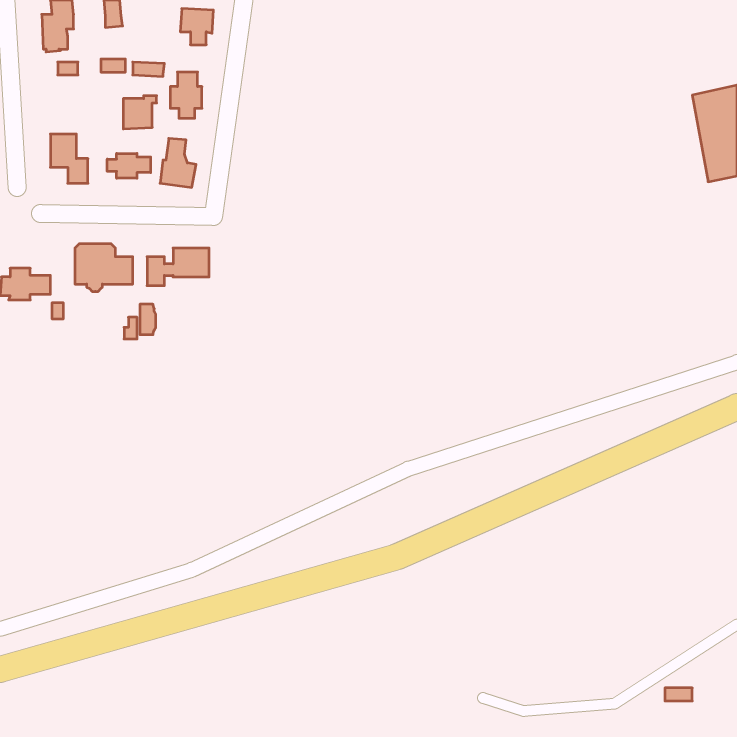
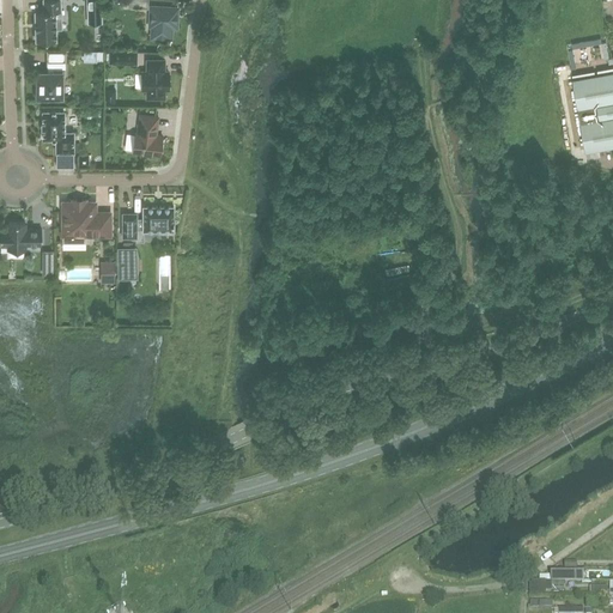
building: [123,96,157,129] -> [37,69,65,97]
building: [107,153,151,178] -> none

